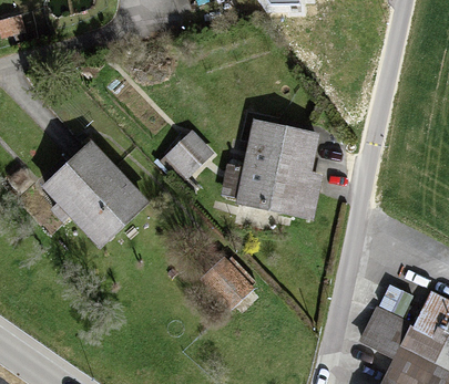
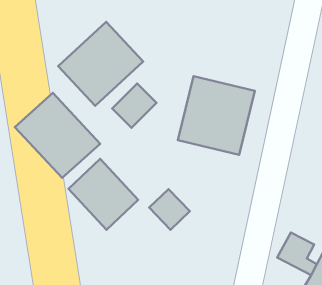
building: none -> [58,22,143,106]
building: none -> [69,159,138,230]

